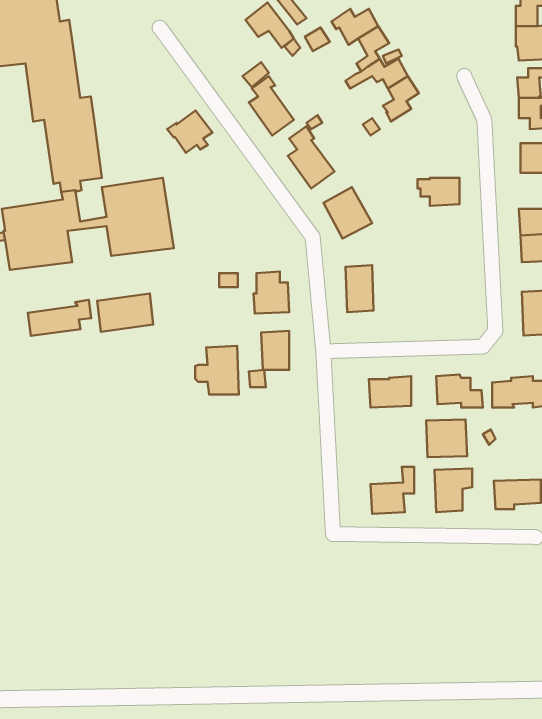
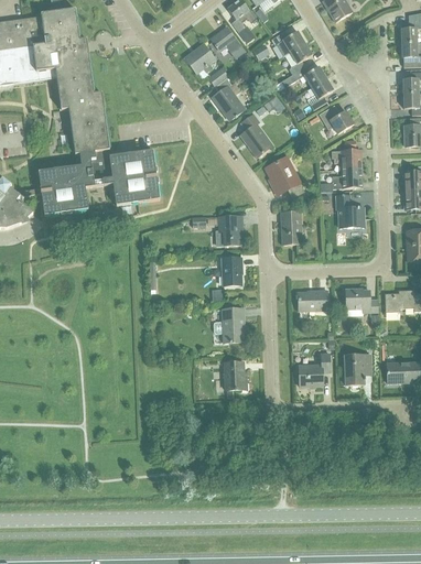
building: [167,110,213,153] -> [183,43,215,73]
building: none -> [319,104,354,132]
building: none -> [332,167,363,187]
building: none -> [336,193,364,227]
building: [97,294,153,332] -> none
building: [28,300,91,336] -> none
building: [195,346,239,394] -> [214,307,245,341]
building: [426,419,467,457] -> none
building: none -> [224,361,247,389]

